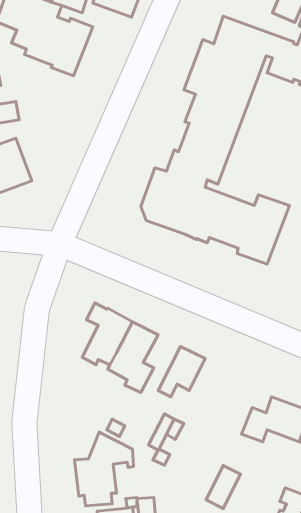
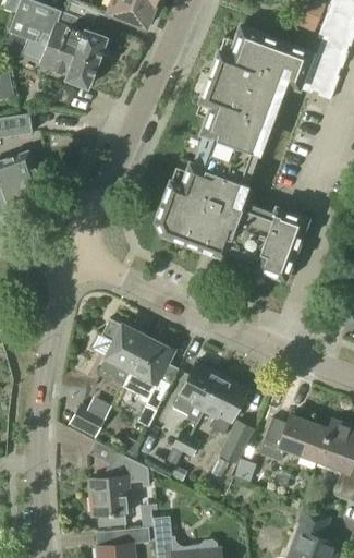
building: none -> [206,375,247,434]
building: none -> [68,402,105,438]
building: [206,466,240,508] -> [219,420,254,463]

